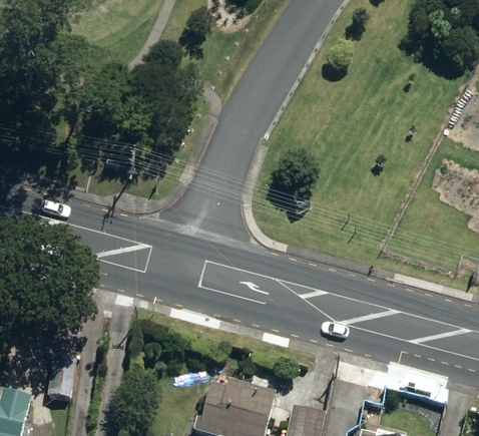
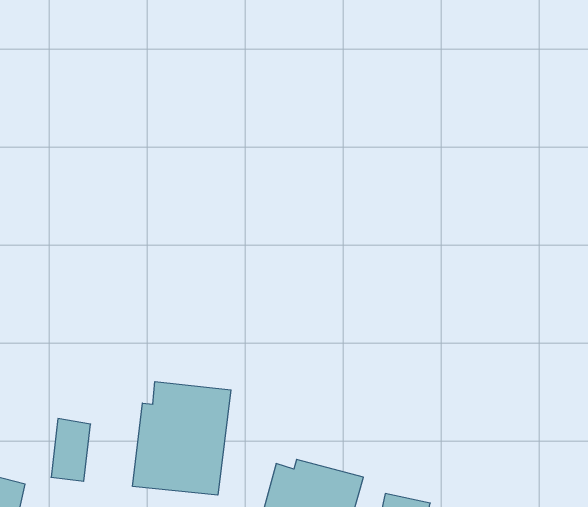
building: none -> [133,382,231,495]

